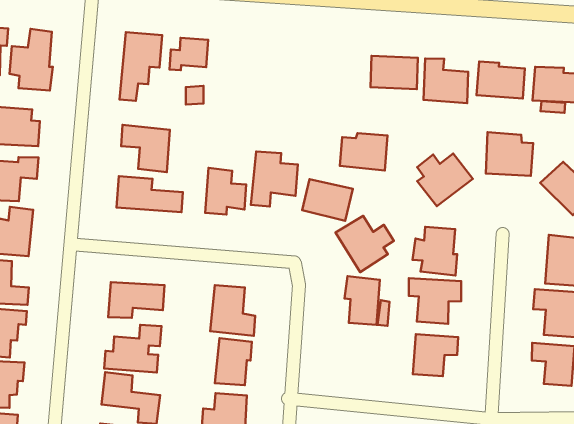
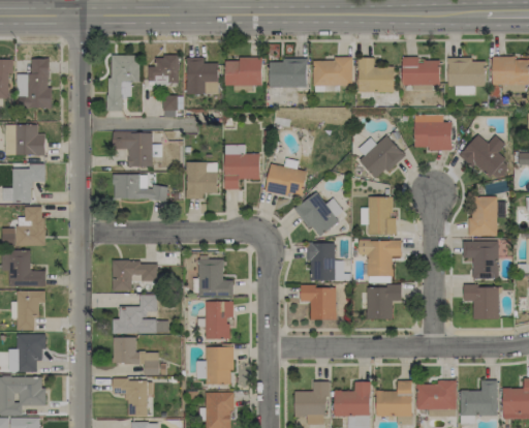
building: none -> [187,58,219,95]
building: none -> [225,59,262,86]
building: [340,133,387,170] -> [270,59,307,88]
building: none -> [301,286,336,320]

